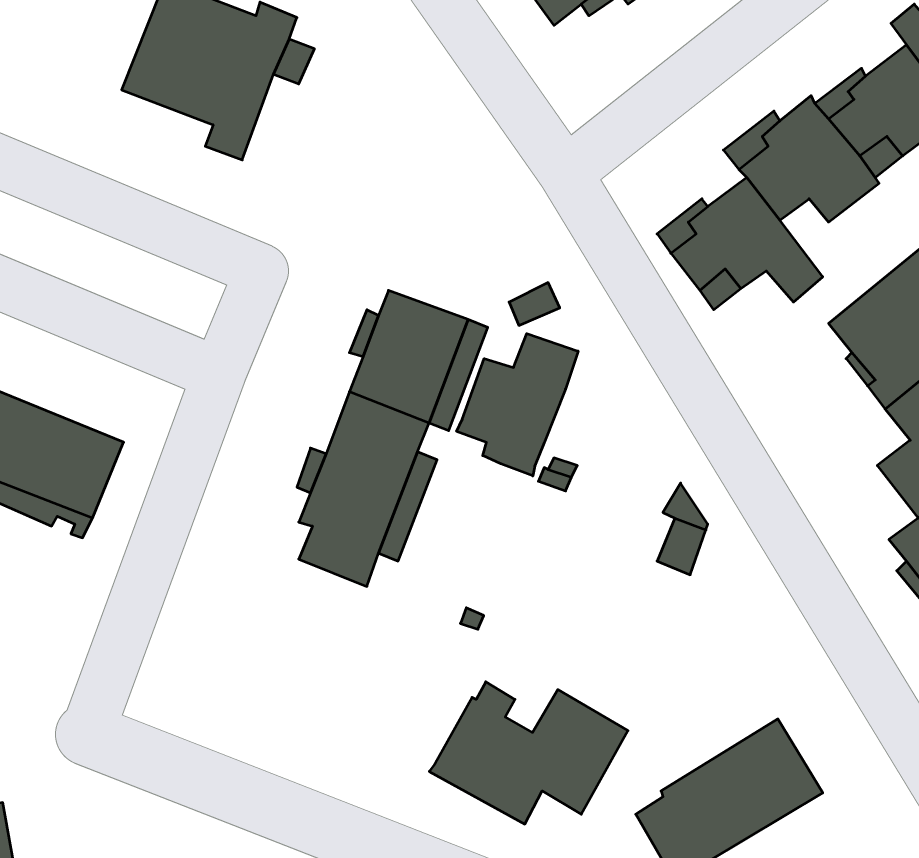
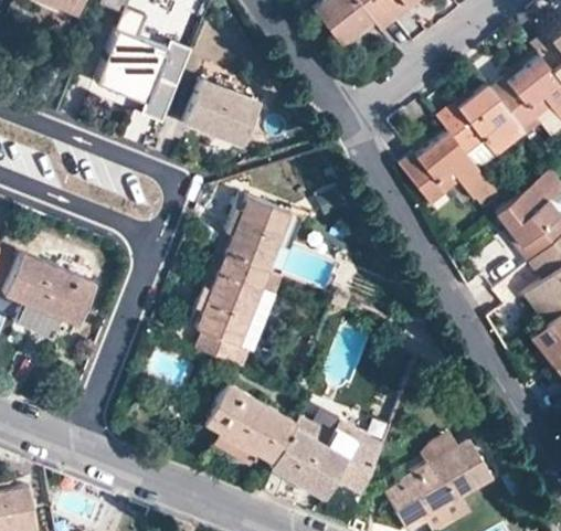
building: none -> [186,78,260,145]
building: [457,334,578,476] -> none
building: none -> [203,382,296,464]

